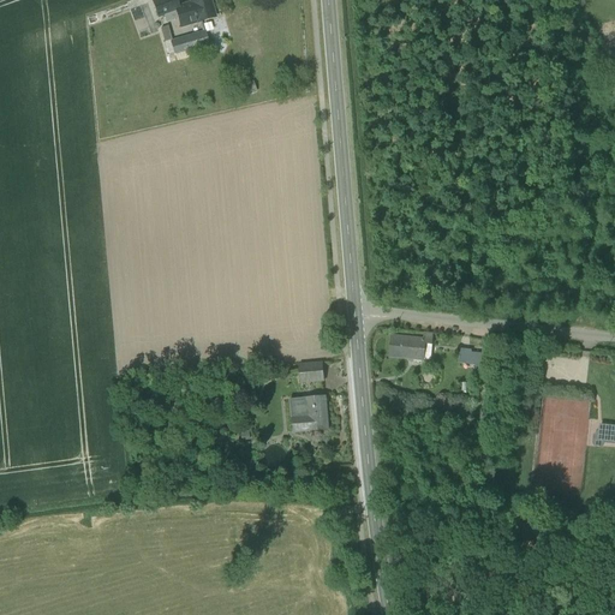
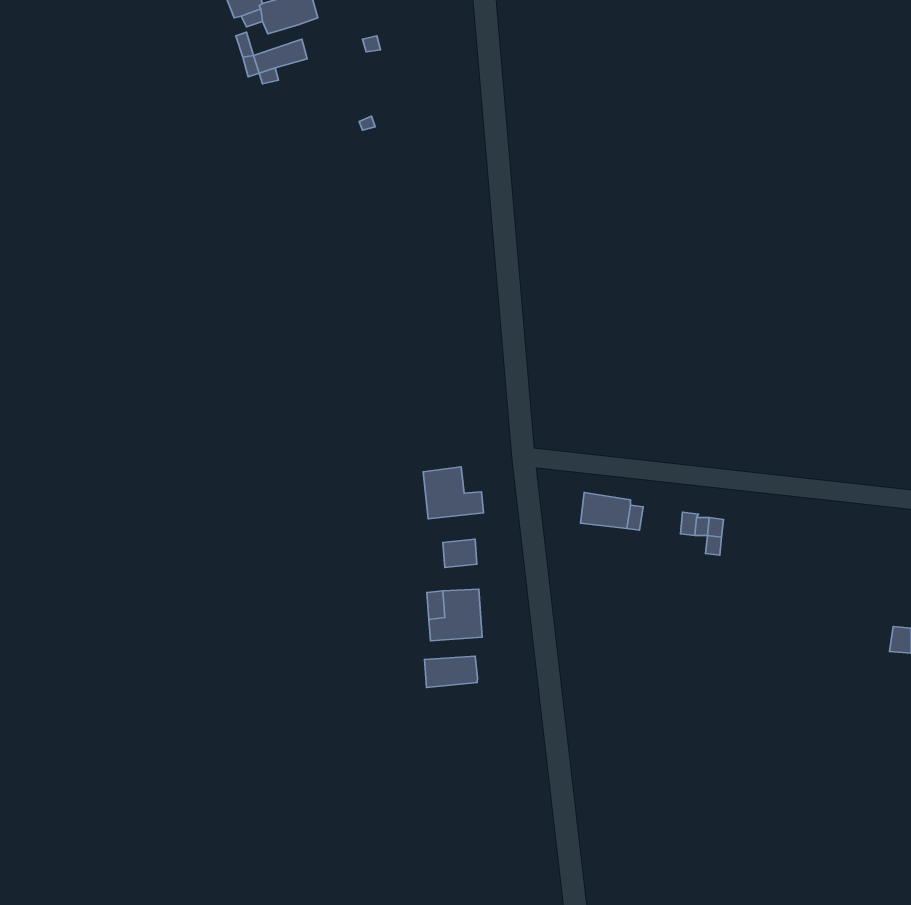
building: none -> [423,467,483,519]
building: none -> [424,656,478,687]

